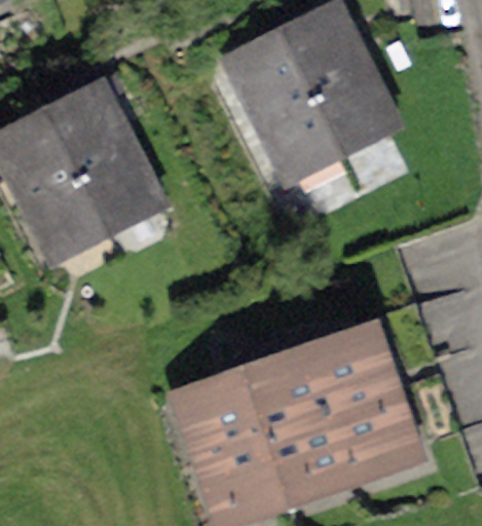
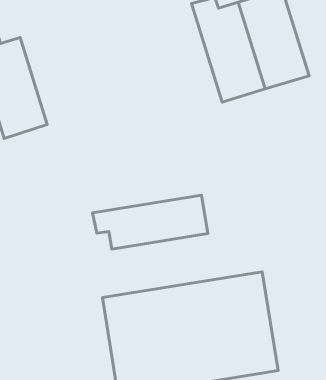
building: [55,91,149,219] -> none
building: none -> [93,195,208,249]

